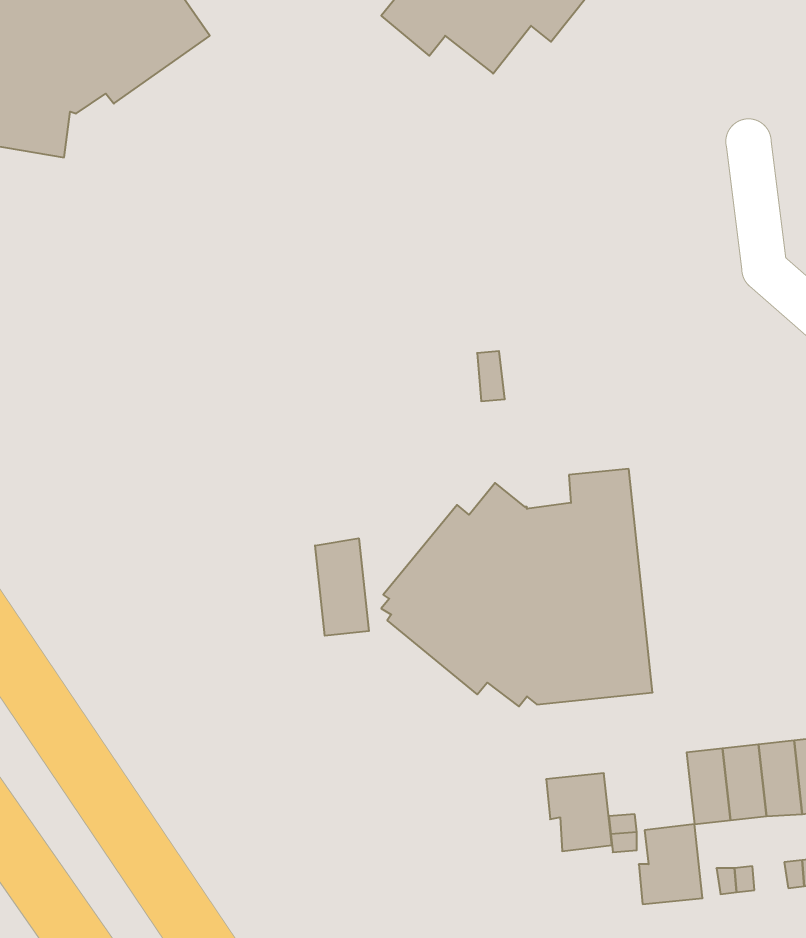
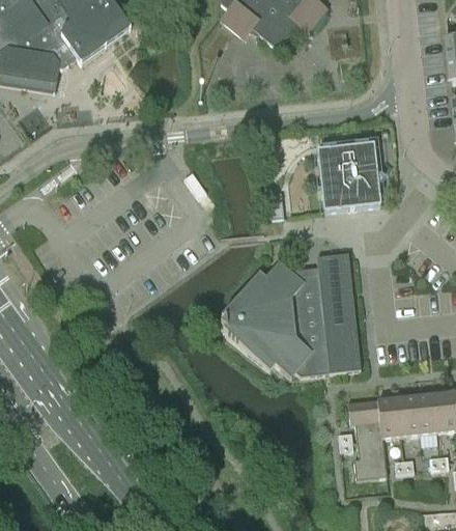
building: none -> [317,142,382,209]
building: [315,538,369,636] -> none
building: [546,773,612,851] -> [348,399,382,440]

